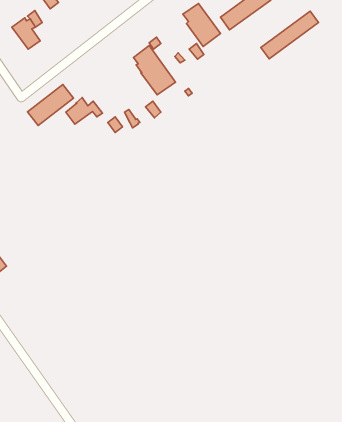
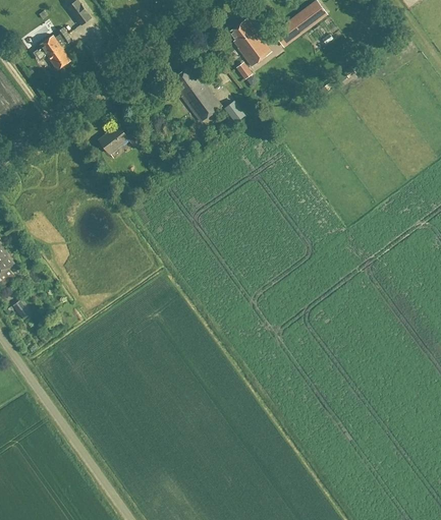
building: [261,11,319,59] -> none
building: [27,84,74,126] -> none

